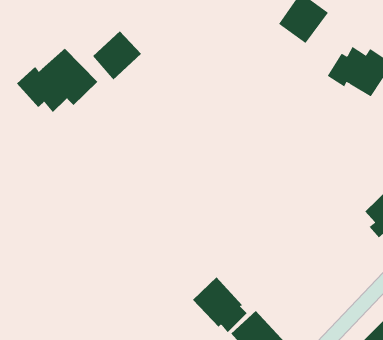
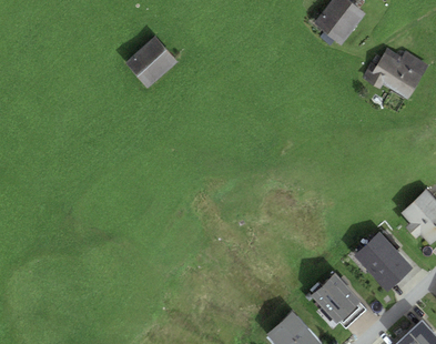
building: [16,48,98,113] -> none
building: none -> [354,232,414,292]
building: [192,276,247,333] -> [311,273,366,330]

